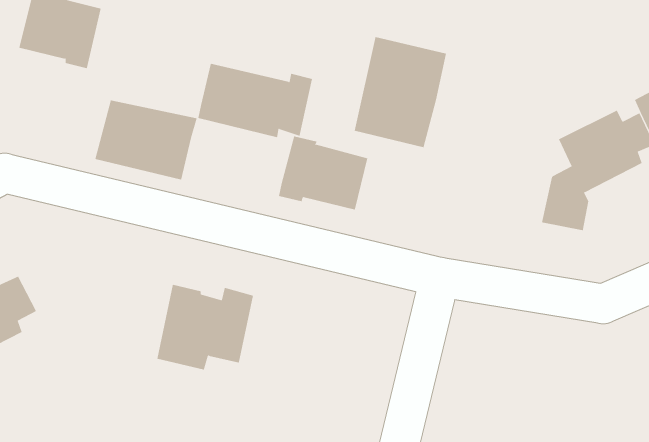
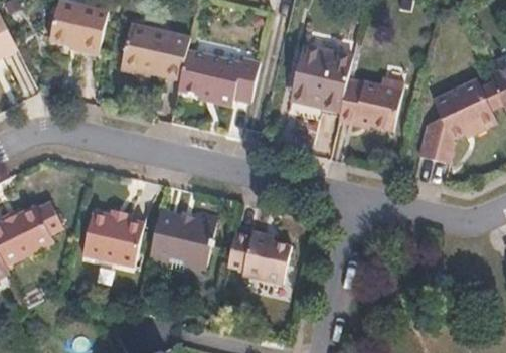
building: [95,100,197,180] -> [116,23,189,80]
building: [278,136,368,210] -> [336,76,400,130]
building: none -> [79,212,142,269]
building: none -> [225,231,290,287]

